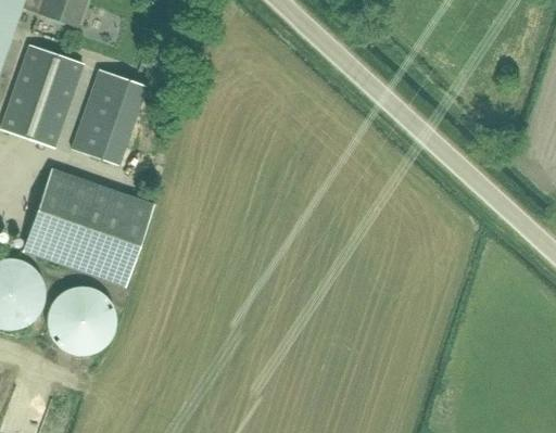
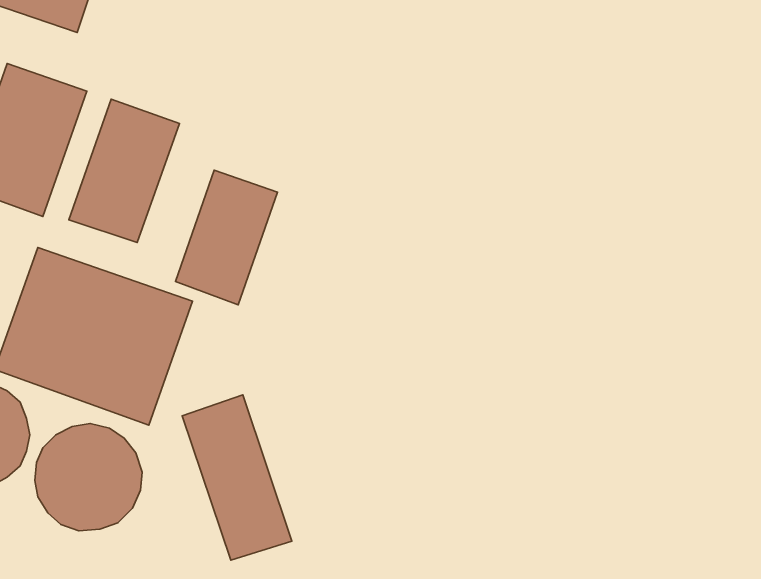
building: none -> [176,170,278,305]
building: none -> [182,395,292,560]

